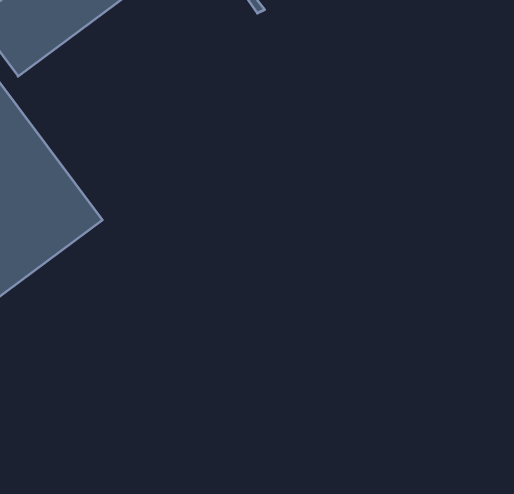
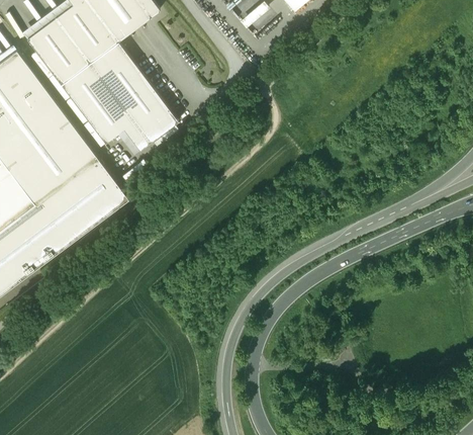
building: none -> [59,40,176,150]

